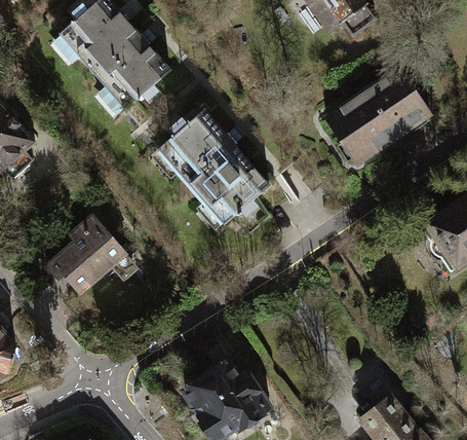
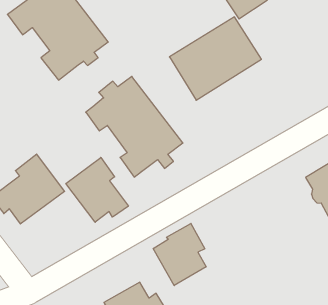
building: [321,67,432,170] -> [169,17,261,100]
building: none -> [66,157,128,222]
building: none -> [153,223,206,286]

